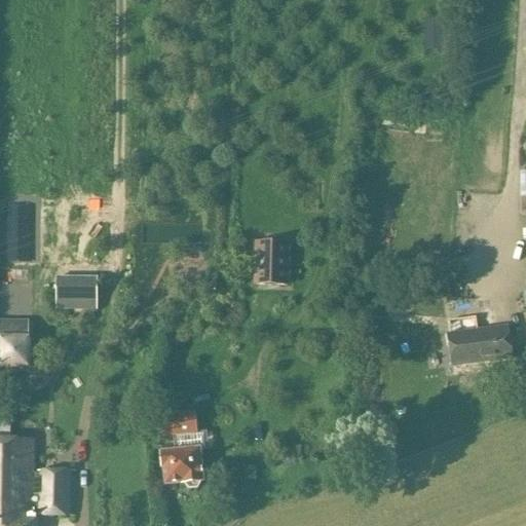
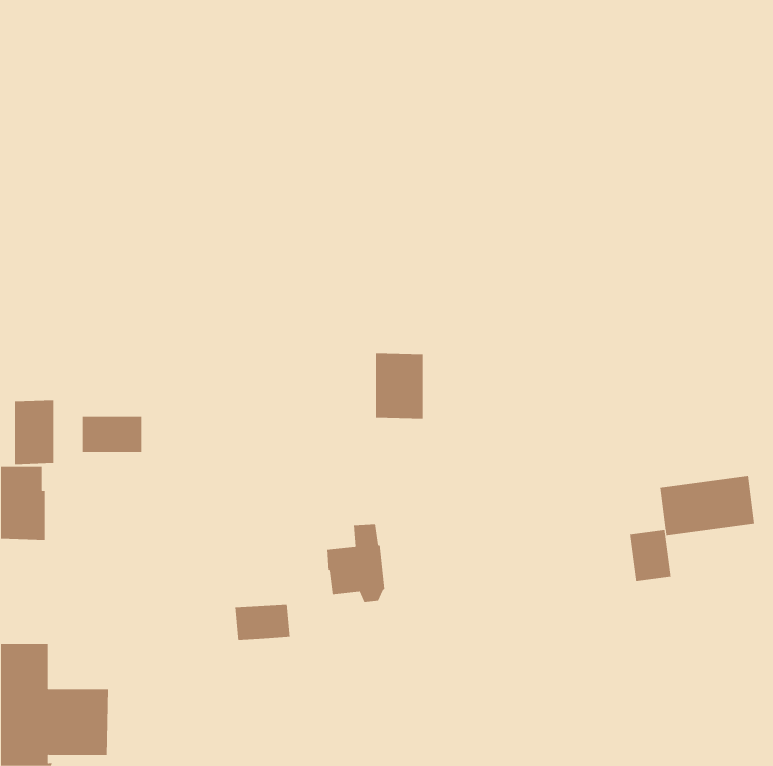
building: none -> [15,399,54,465]
building: none -> [629,529,671,582]
building: [161,433,201,486] -> [326,524,385,602]

